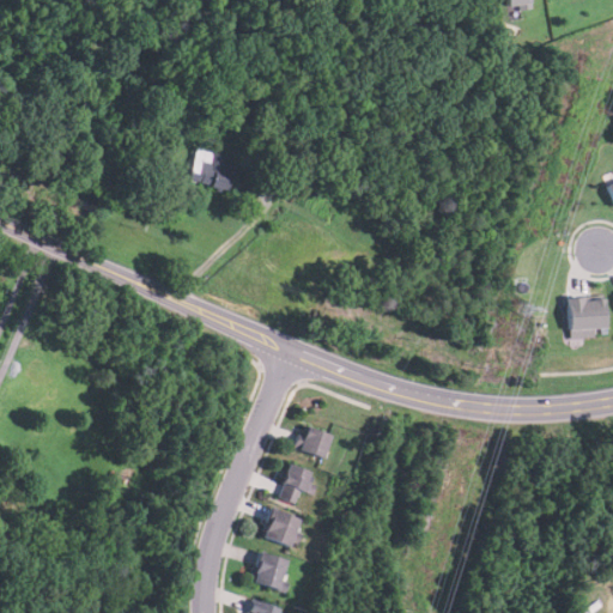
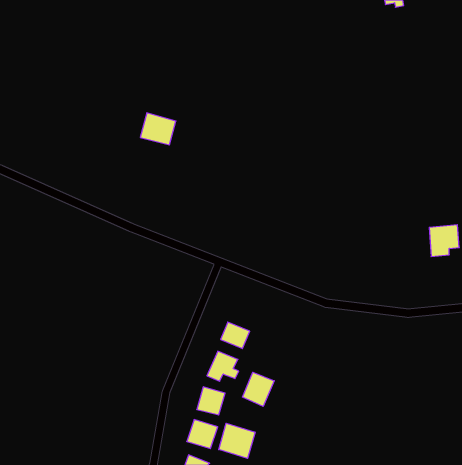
building: none -> [242,372,274,406]
building: none -> [219,423,255,458]

